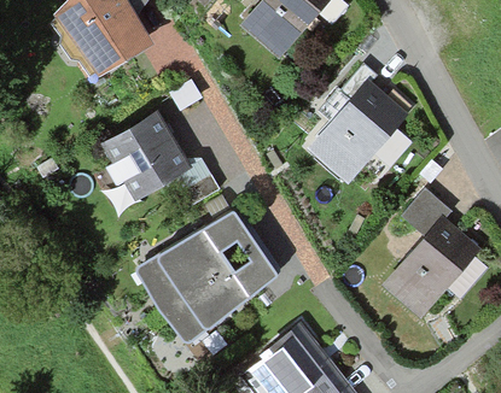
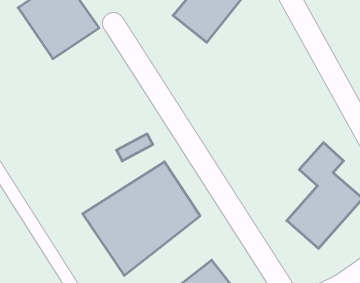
building: [310,58,403,183] -> none
building: [97,111,191,201] -> none

